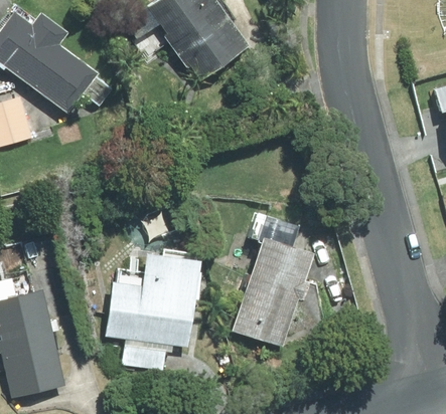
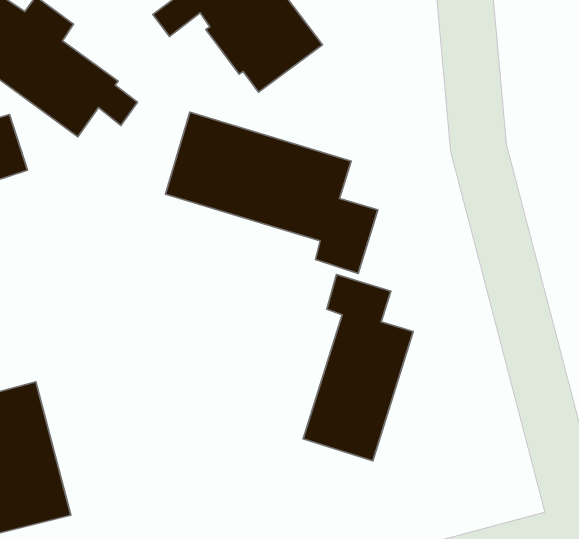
building: none -> [166,112,378,274]
building: [106,256,199,370] -> none

